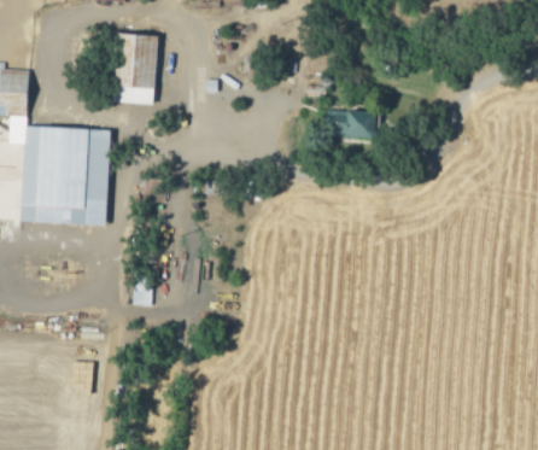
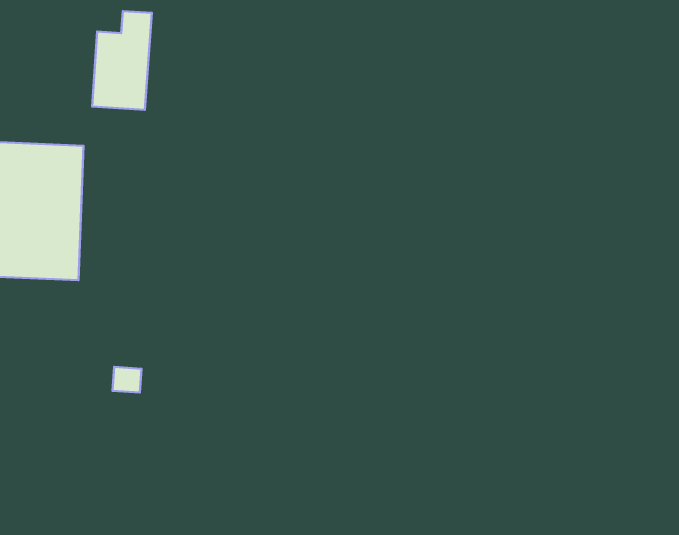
building: [343,110,376,138] -> none

